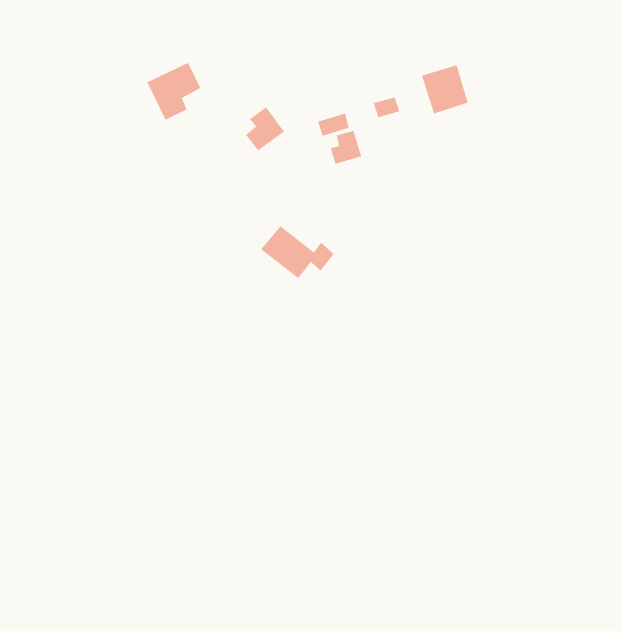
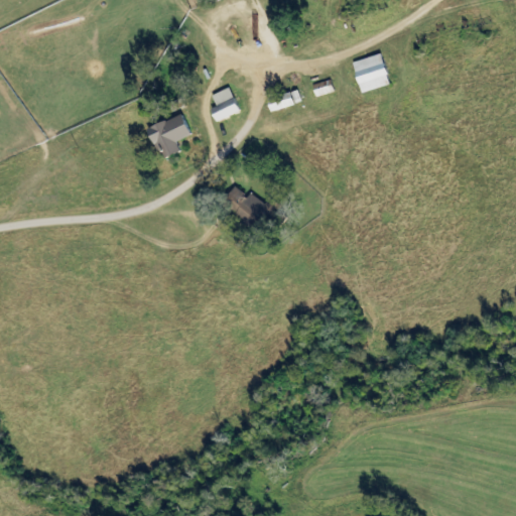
building: [146,62,201,121] -> [147,112,191,159]
building: [330,130,362,164] -> none

